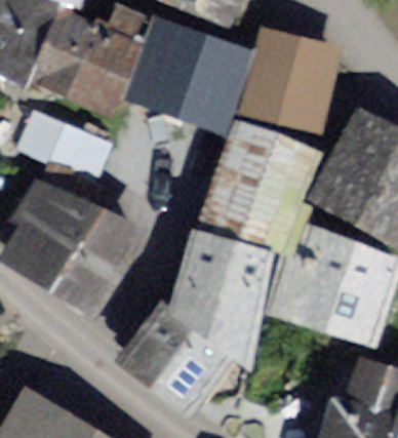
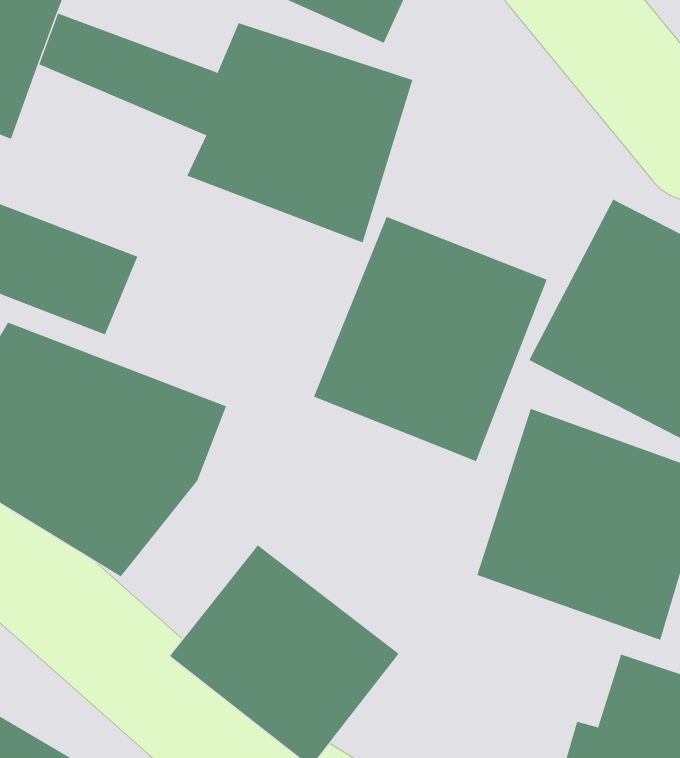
building: [239,31,343,131] -> none
building: [33,40,136,118] -> none
building: [173,231,277,356] -> none

